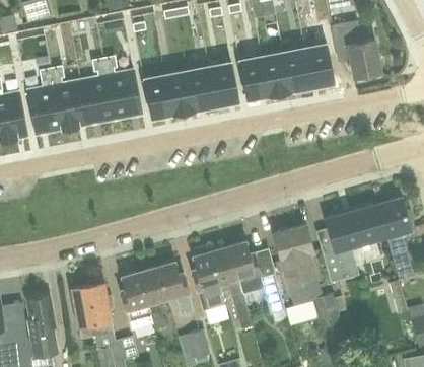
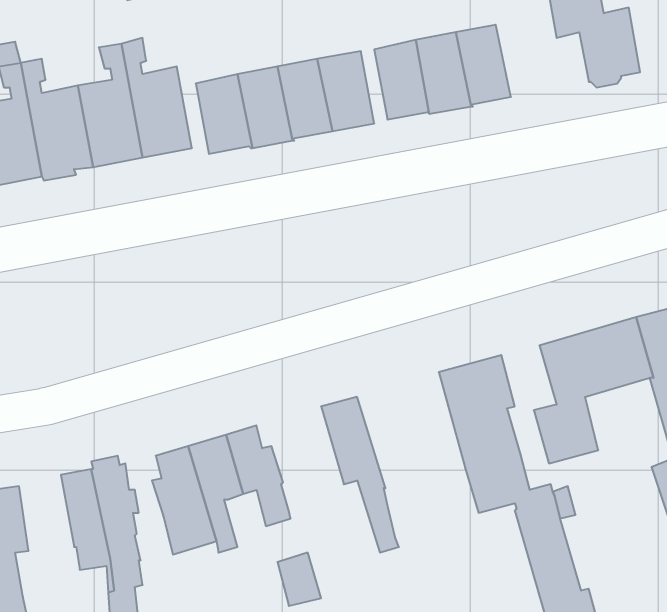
building: [303,44,334,86] -> none
building: [229,241,284,312] -> none
building: [191,246,224,309] -> none

